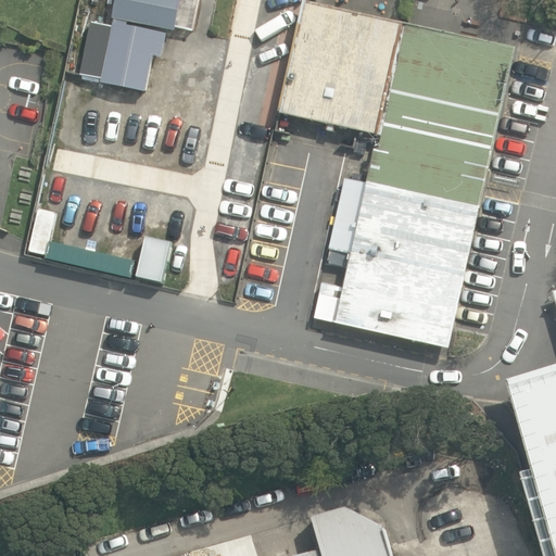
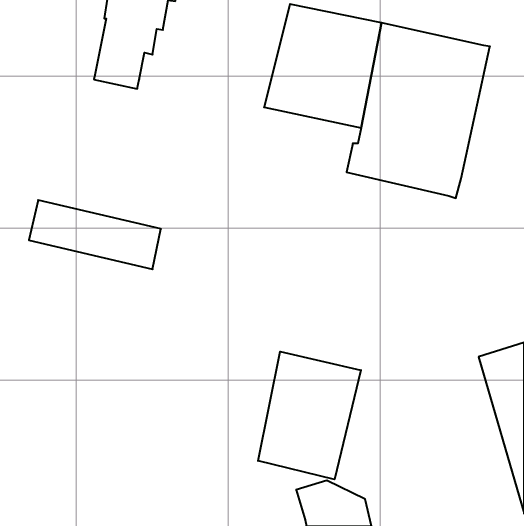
building: [313,177,480,350] -> none
building: none -> [258,352,361,479]

